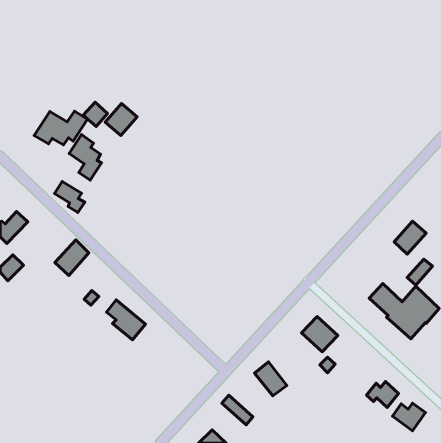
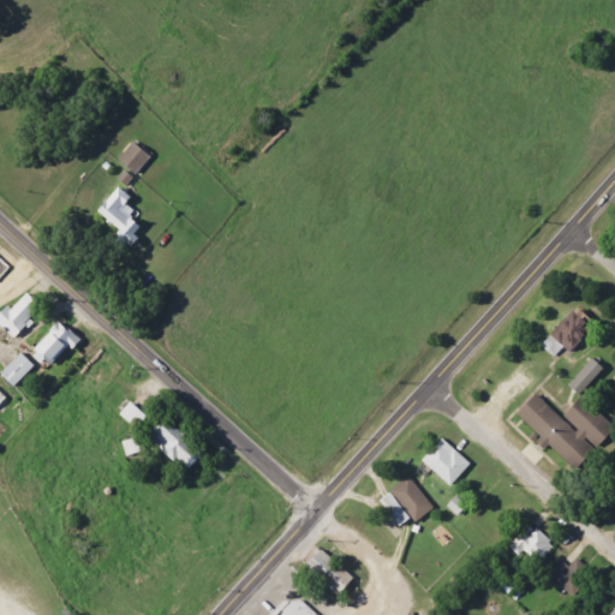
building: [105,104,137,135] -> none
building: [34,111,88,145] -> none
building: [54,182,85,212] -> none
building: [55,240,89,275] -> [29,321,76,370]
building: [255,362,287,396] -> [390,476,435,523]

